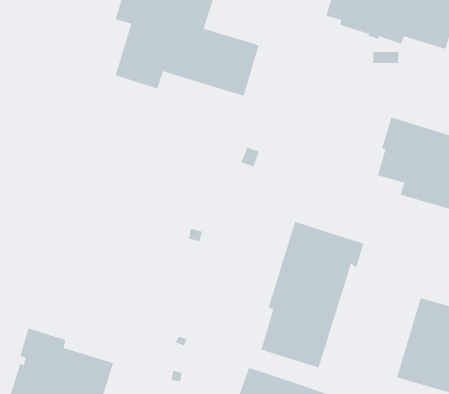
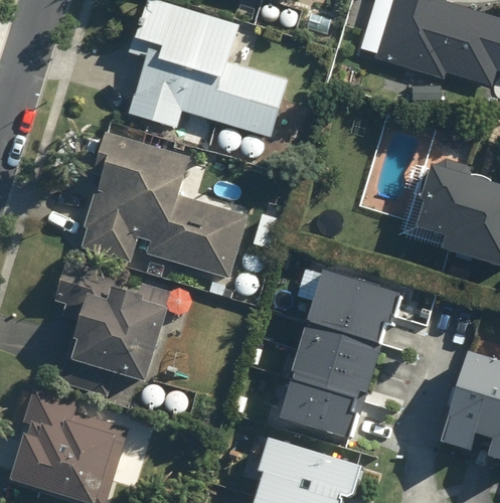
building: none -> [80,132,247,279]
building: none -> [53,261,170,397]

